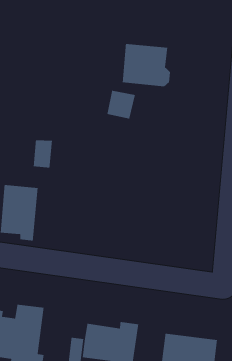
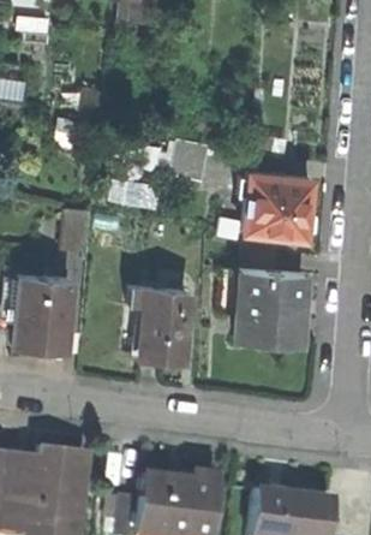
building: [122,43,171,87] -> [245,174,316,238]
building: none -> [238,272,305,344]
building: none -> [127,286,191,364]

